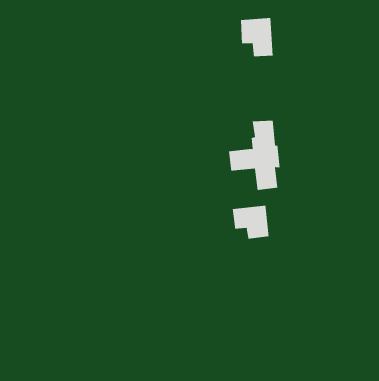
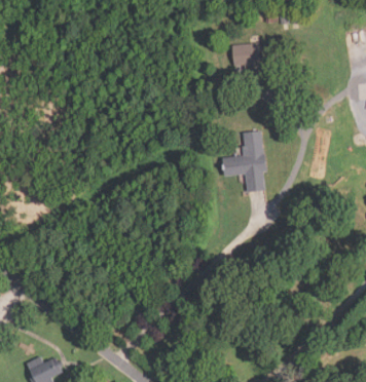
building: [232,205,269,240] -> none

